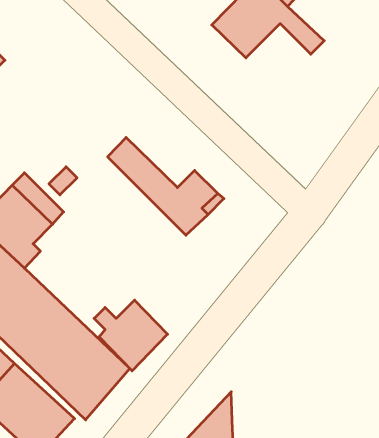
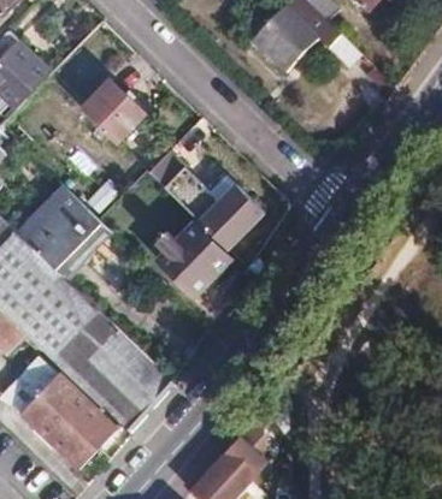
building: none -> [81,79,145,142]
building: [94,300,168,371] -> [157,225,229,295]

